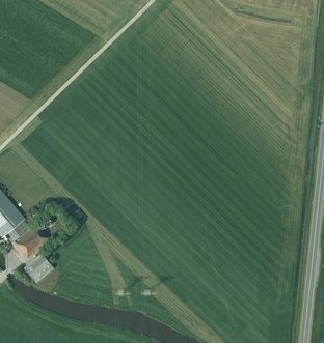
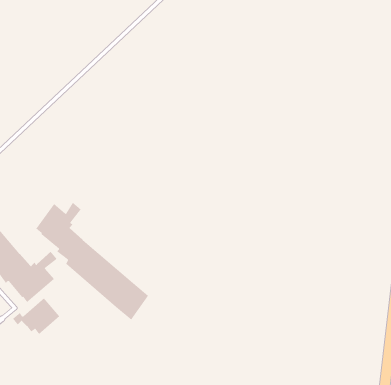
building: none -> [35,202,149,320]

